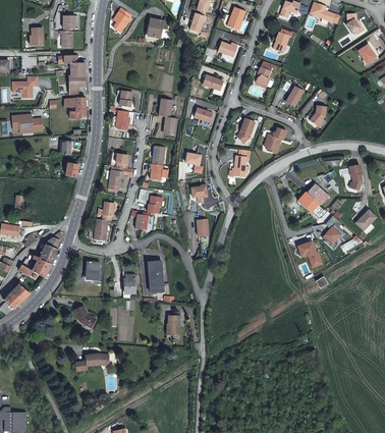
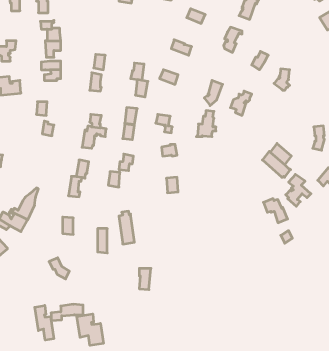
building: none -> [35,305,54,340]
building: none -> [77,314,103,345]

